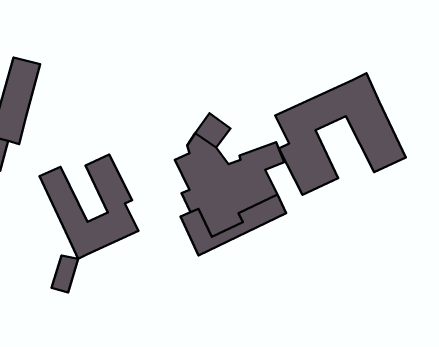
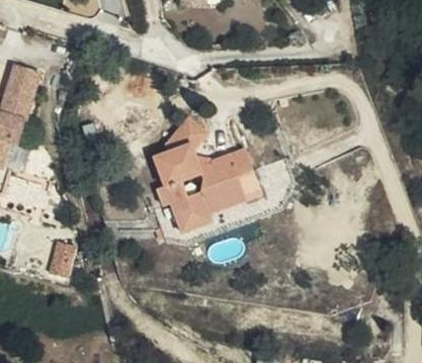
building: [275,73,406,195] -> none
building: [40,155,138,259] -> none

